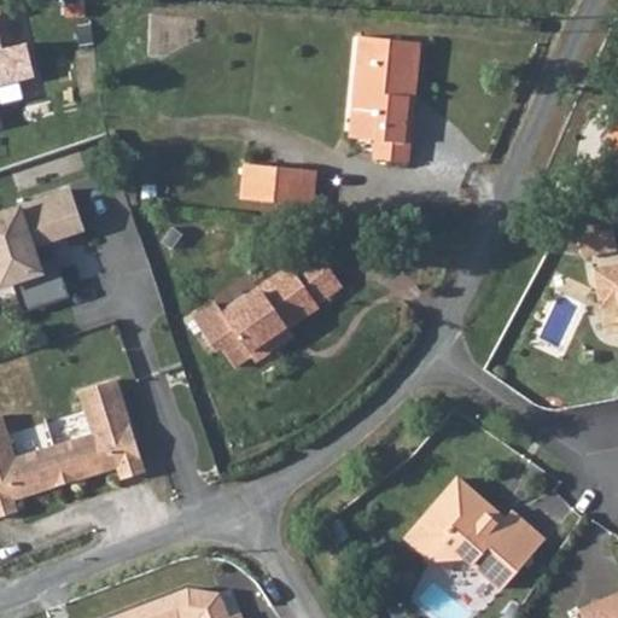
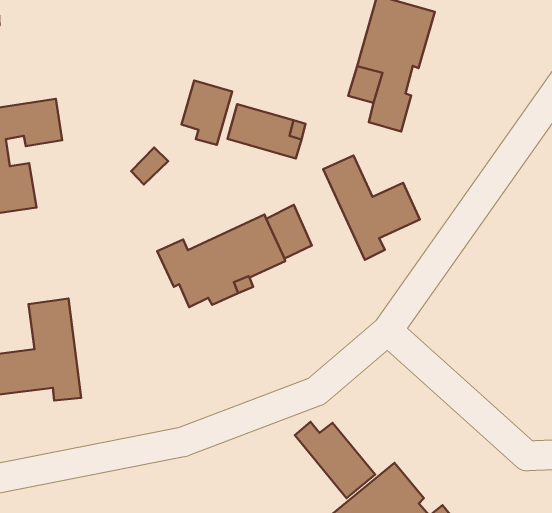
building: none -> [182,80,232,145]
building: none -> [323,156,420,260]
building: none -> [295,422,375,498]

